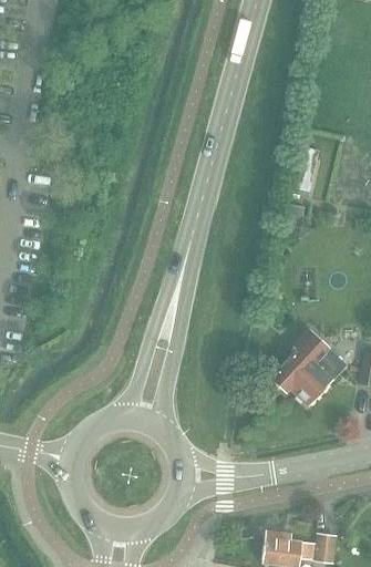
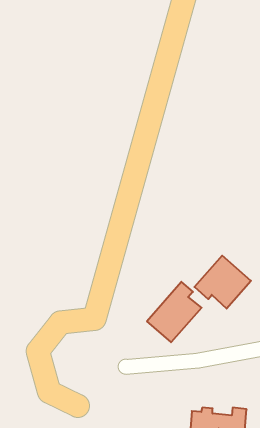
building: none -> [147,282,202,342]

